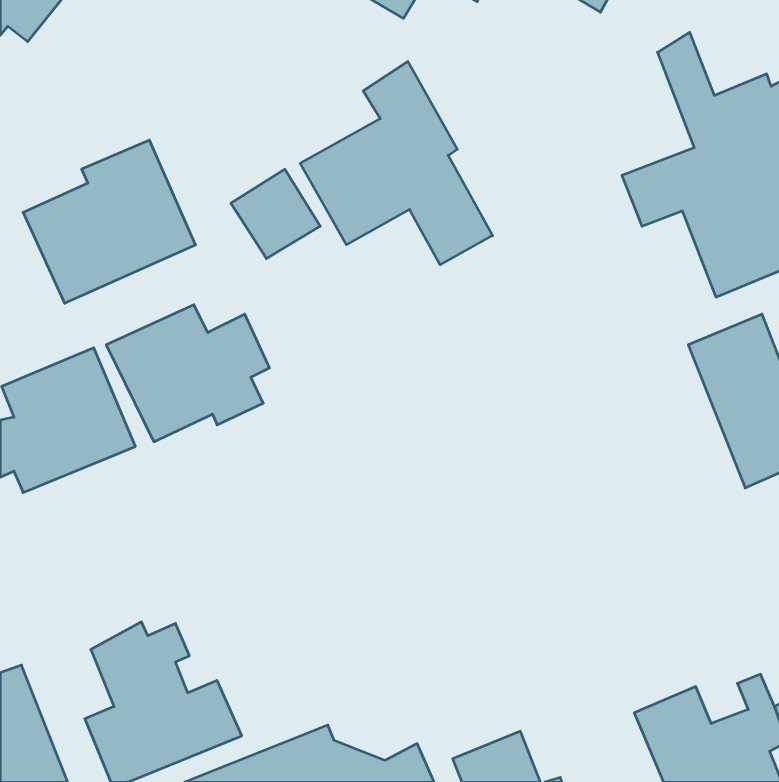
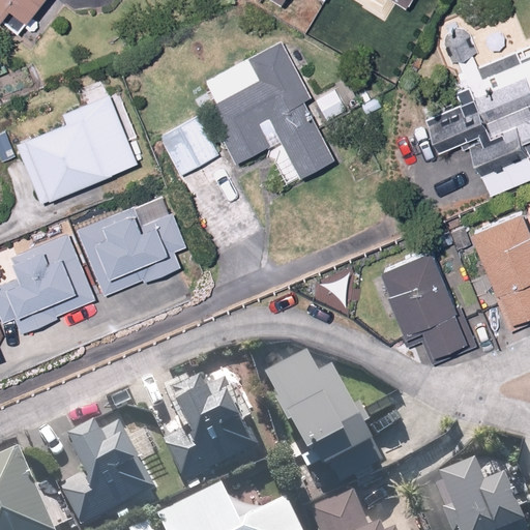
building: none -> [377,247,466,356]
building: none -> [265,353,371,477]
building: none -> [152,374,264,481]

